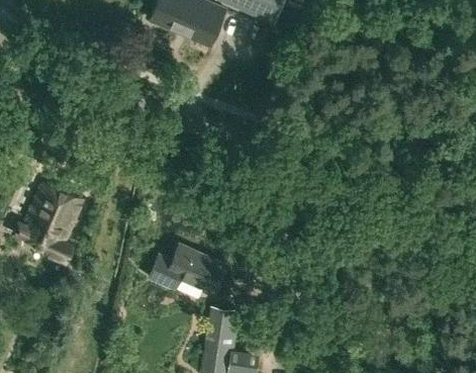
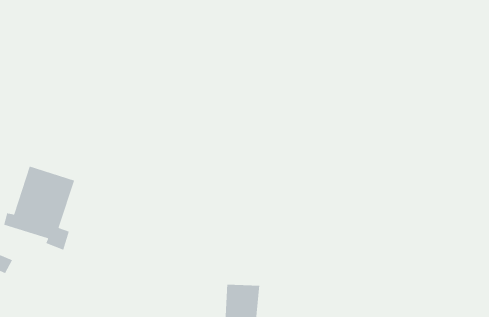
building: [150,245,228,293] -> none

